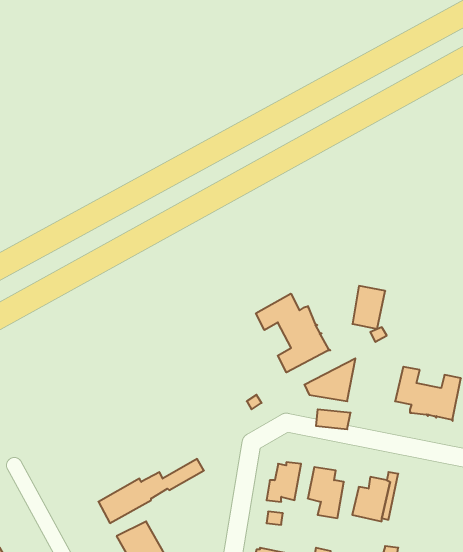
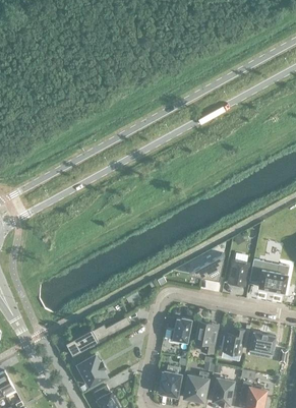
building: [352,286,385,329] -> [227,259,247,286]
building: [256,294,330,372] -> none
building: none -> [248,332,274,353]

